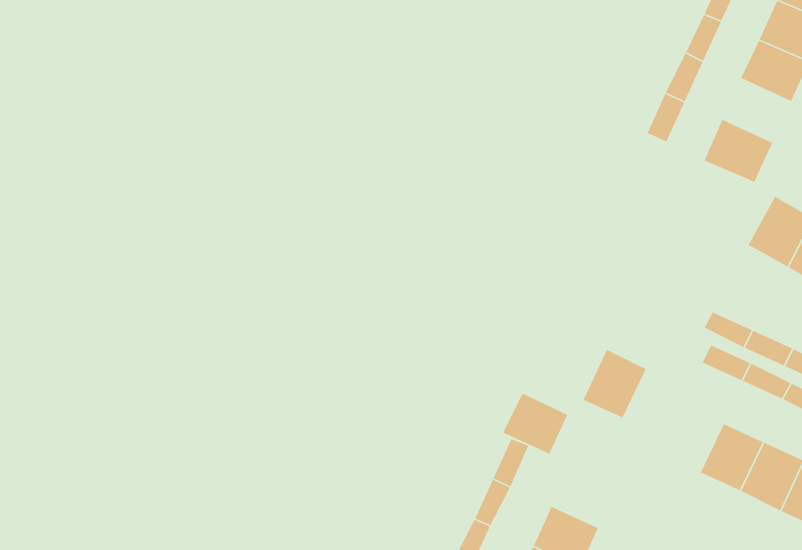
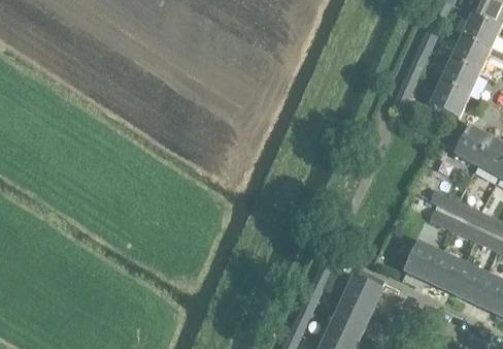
building: none -> [440,58,479,94]
building: [583,349,647,418] -> [405,241,441,280]
building: [502,392,568,455] -> [344,276,381,311]

